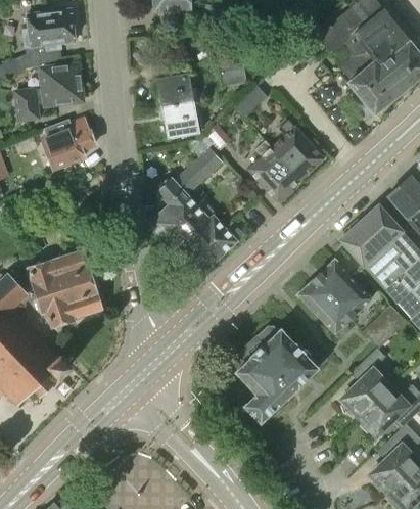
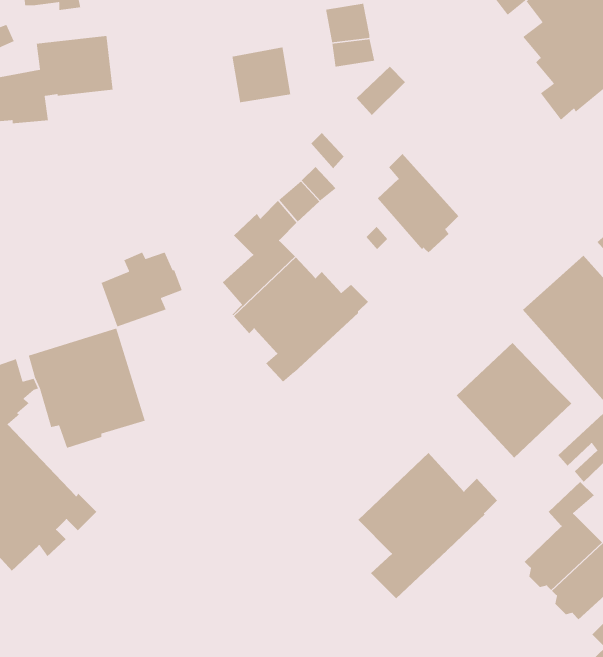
building: [161,103,200,139] -> none
building: [43,120,95,168] -> [101,252,183,328]
building: [265,120,325,180] -> none

